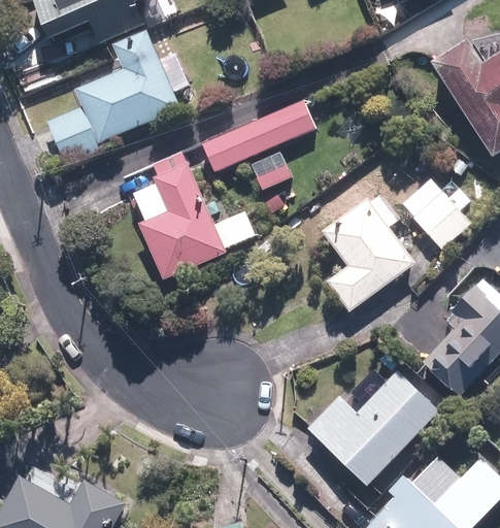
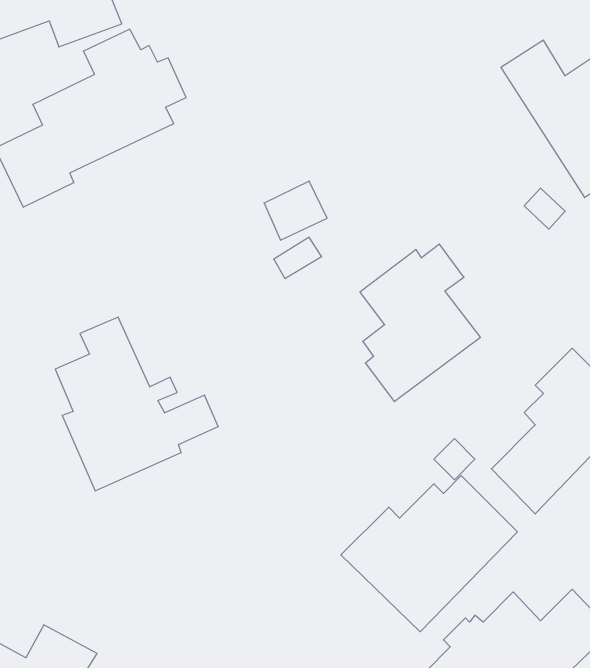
building: [201,99,315,173] -> none
building: [133,151,256,282] -> [55,317,218,491]
building: [403,177,475,251] -> none

